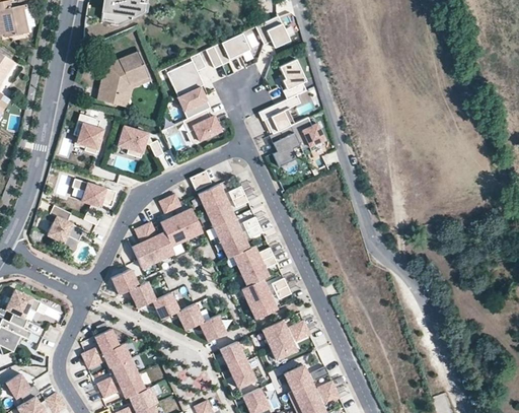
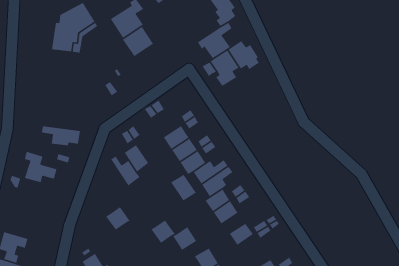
building: [184,109,223,140] -> none
building: [73,116,102,155] -> none
building: [119,126,150,159] -> none
building: [198,184,228,212] -> none
building: [175,208,203,238] -> [170,174,197,201]
building: [133,227,159,268] -> none
building: [112,269,139,294] -> none
building: [153,292,179,319] -> none
building: [270,335,297,360] -> none

